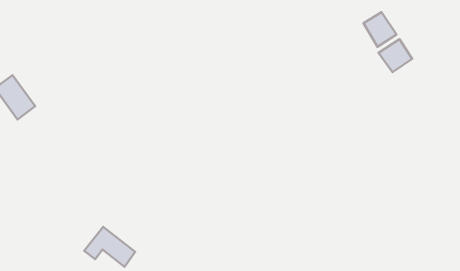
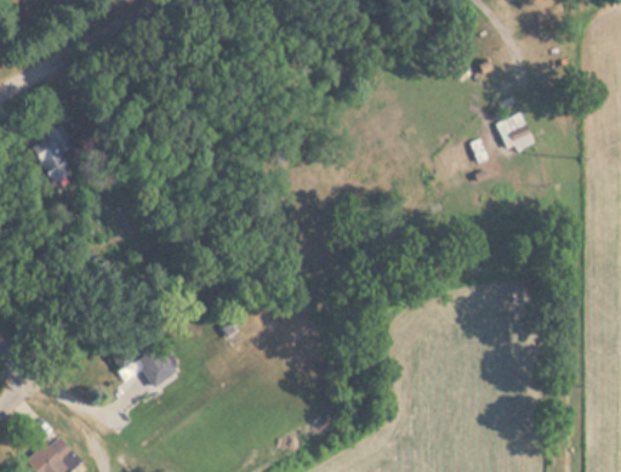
building: [378,39,412,72] -> none

